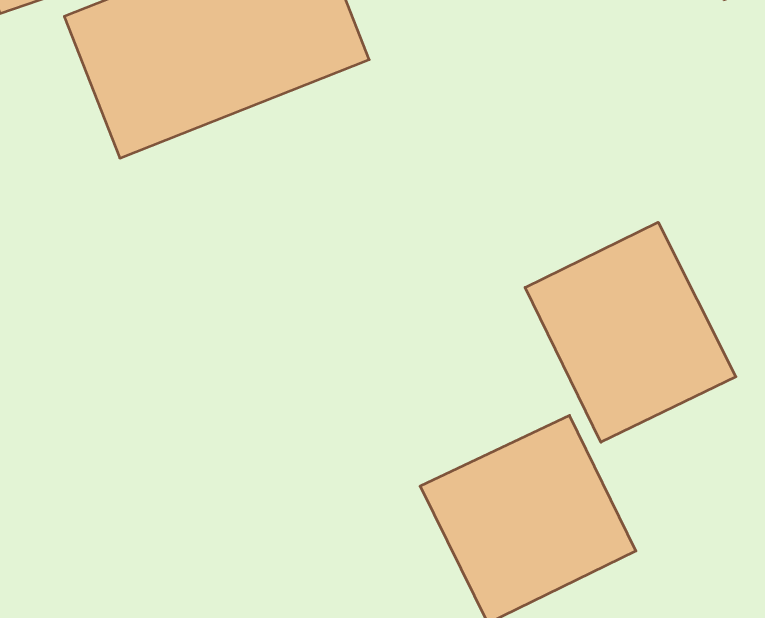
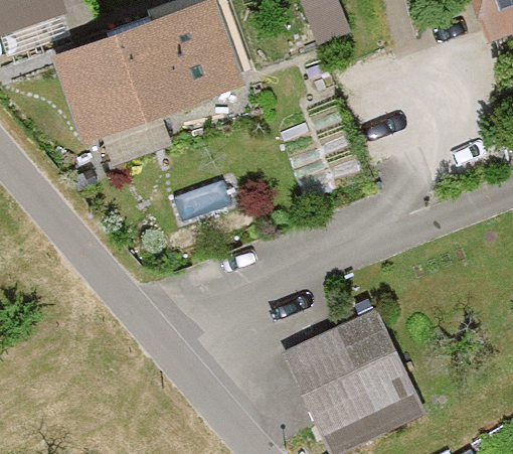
building: [525,222,736,442] -> none

